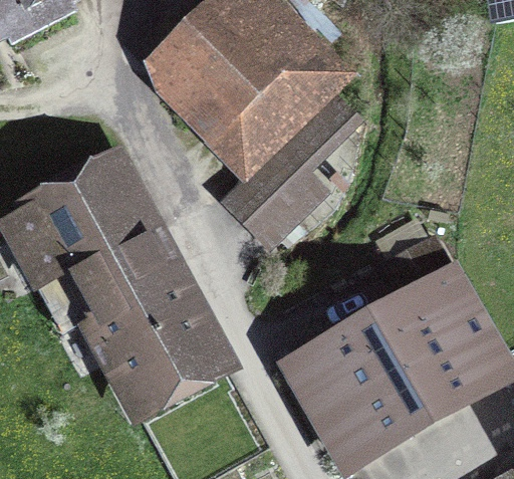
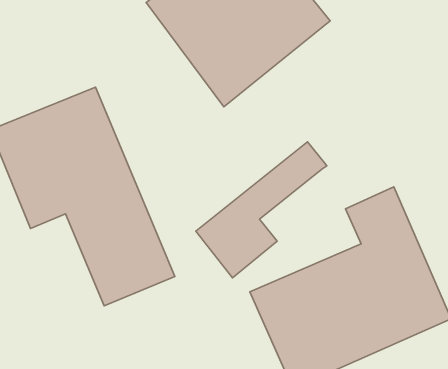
building: [230,93,360,244] -> [196,142,327,278]

